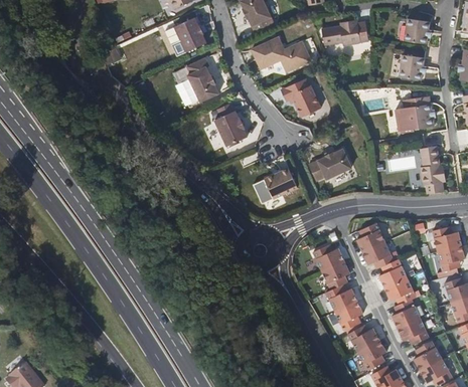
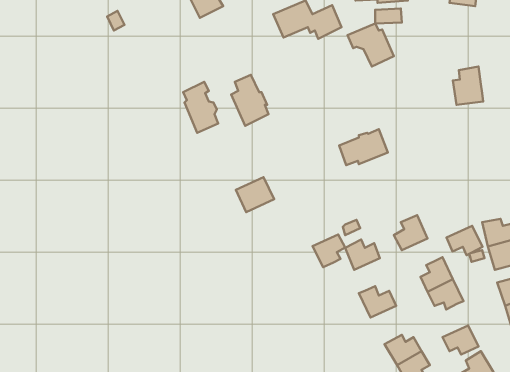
building: [398,54,422,78] -> none
building: [188,56,218,101] -> [183,82,218,133]
building: [280,79,320,117] -> [347,24,394,67]
building: [421,145,444,185] -> none
building: [264,166,297,196] -> [236,177,274,212]
building: [362,243,394,268] -> [447,226,483,255]
building: [321,260,349,288] -> [313,235,345,267]
building: [392,300,420,329] -> none
building: [335,302,363,331] -> none

